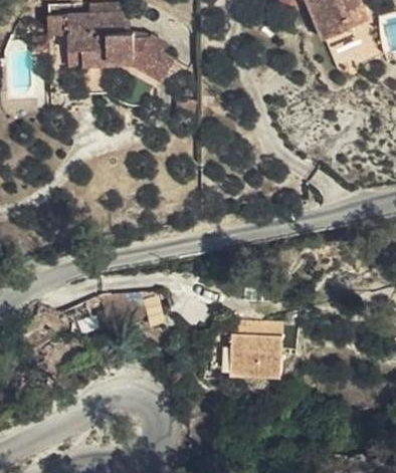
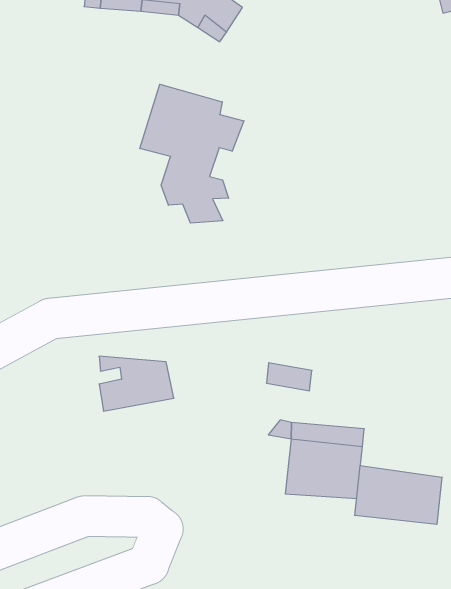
building: none -> [140,84,244,223]
building: none -> [355,466,442,524]

